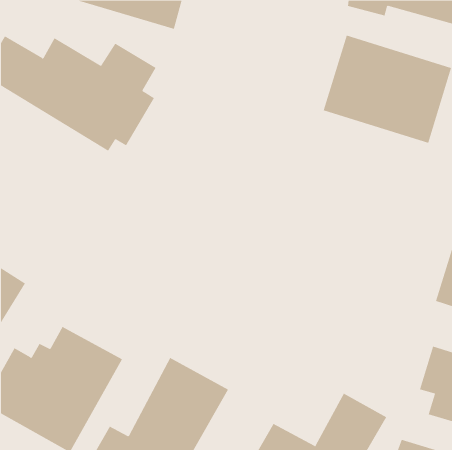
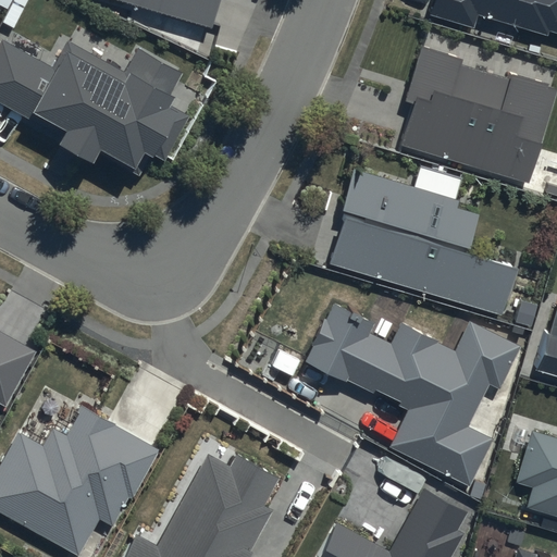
building: none -> [326,171,515,312]
building: none -> [306,295,521,485]

